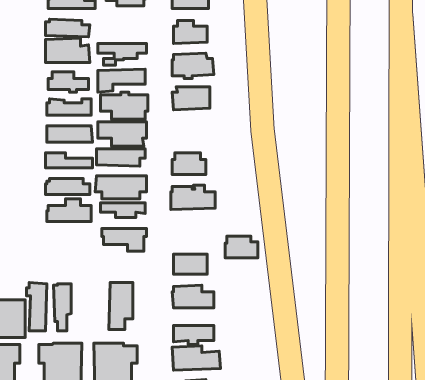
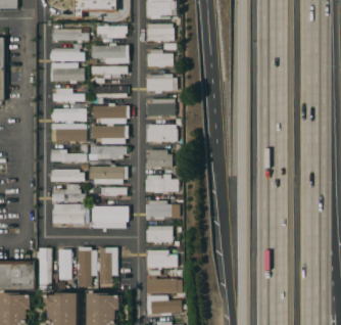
building: none -> [90,45,127,63]
building: none -> [145,124,177,141]
building: none -> [51,203,87,223]
building: [225,236,258,258] -> [146,200,170,217]
building: none -> [77,247,95,287]

